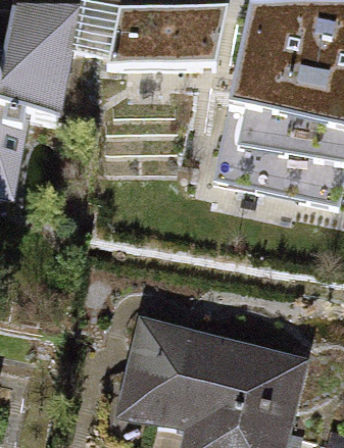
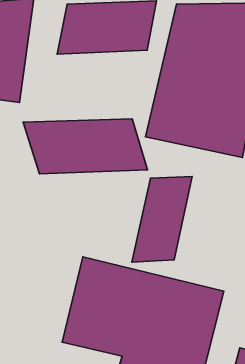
building: none -> [23,119,147,174]
building: none -> [132,177,192,262]

